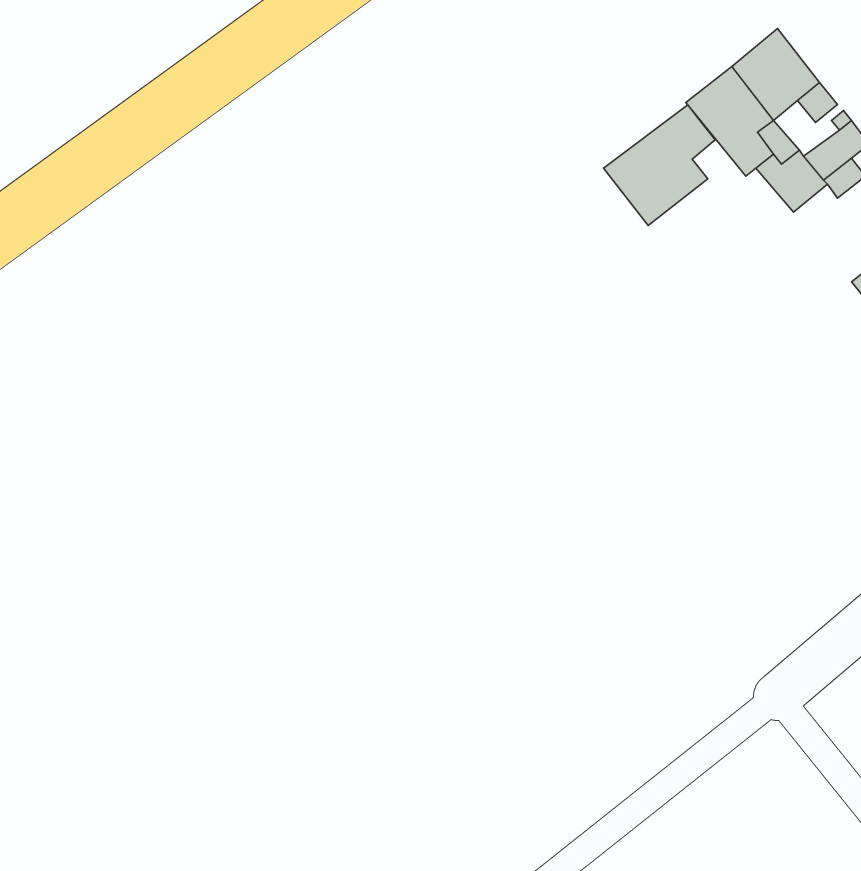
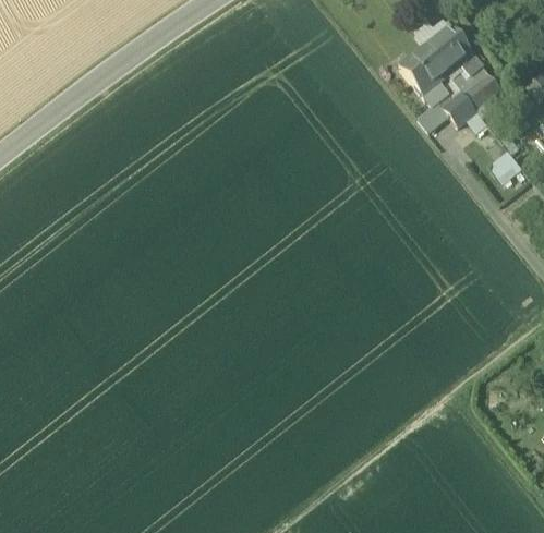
building: [603,105,715,226] -> none

